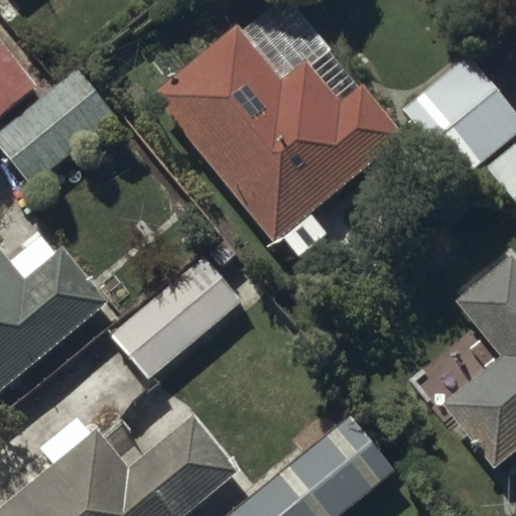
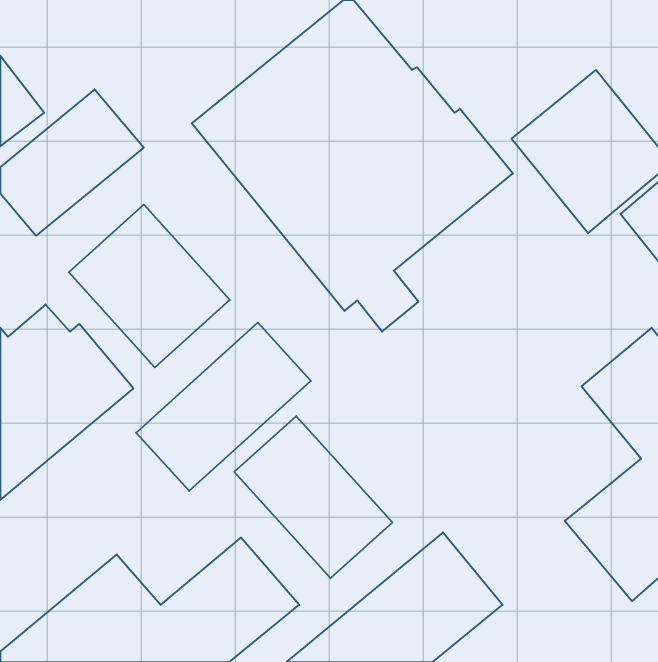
building: none -> [69,205,230,367]
building: none -> [234,416,392,578]

